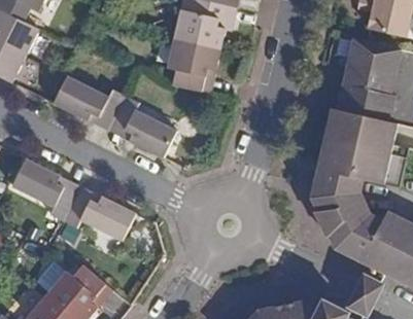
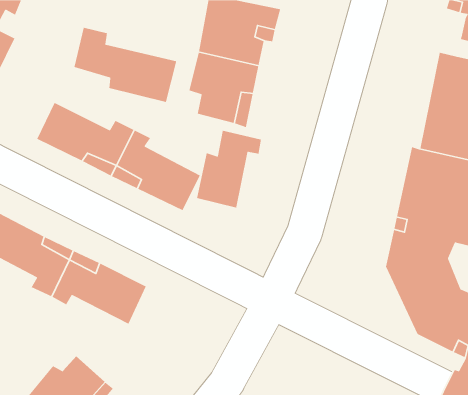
building: none -> [74,27,177,103]
building: none -> [196,130,262,209]

